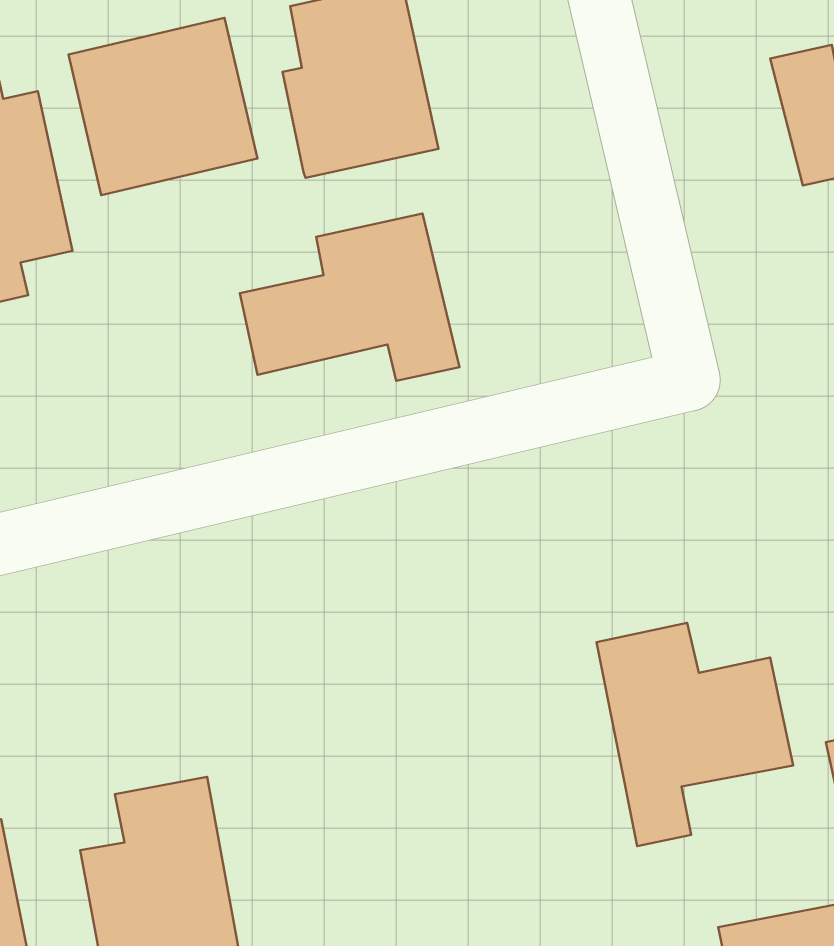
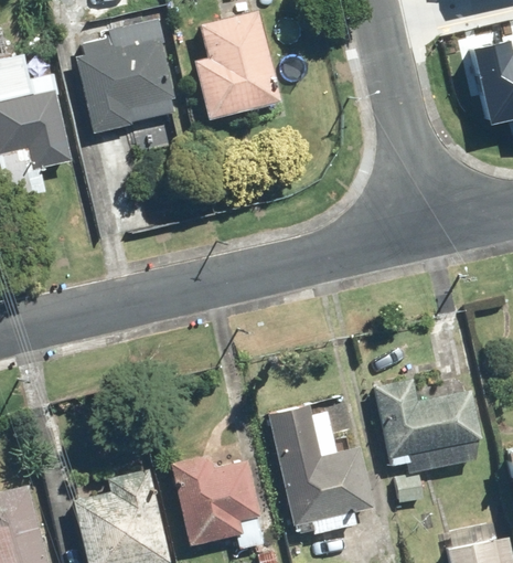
building: [240,214,460,381] -> none
building: none -> [275,406,372,538]
building: none -> [169,448,280,553]

